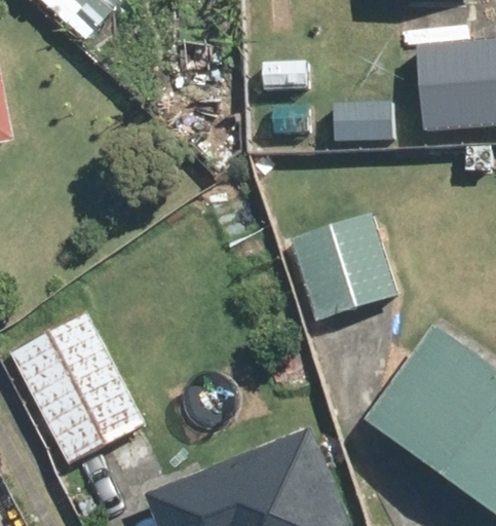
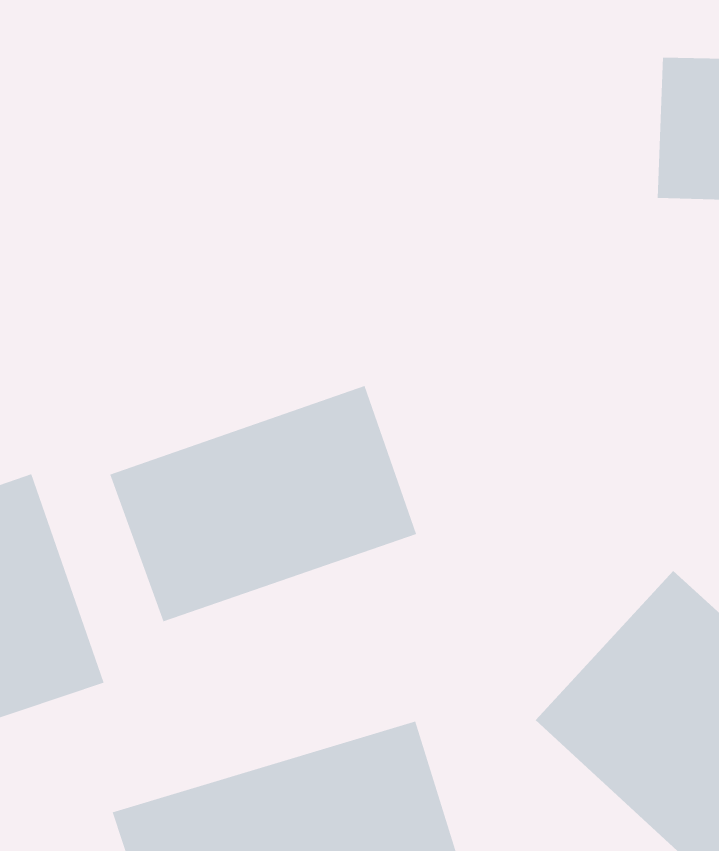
building: [292,217,394,315] -> none
building: none -> [110,385,417,622]

